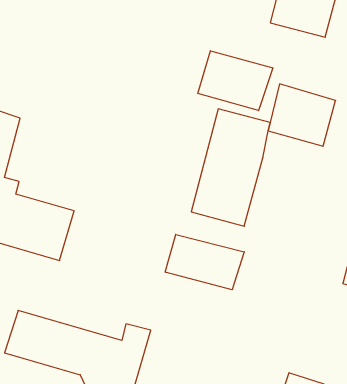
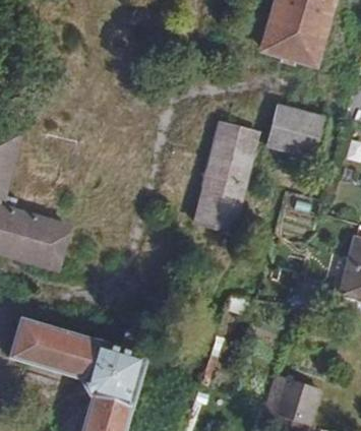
building: [198,51,273,111] -> none
building: [165,234,244,290] -> none

